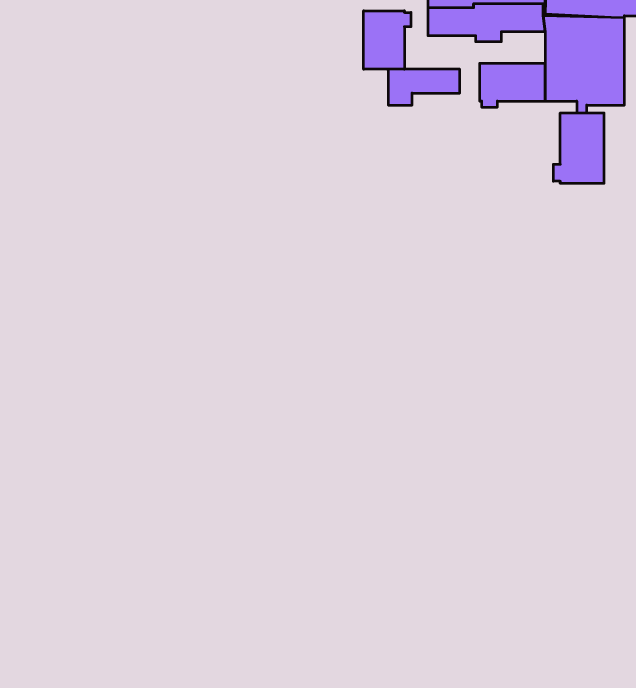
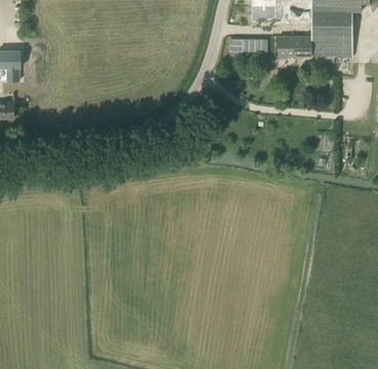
building: [364,11,411,69] -> none
building: [553,113,604,183] -> none

